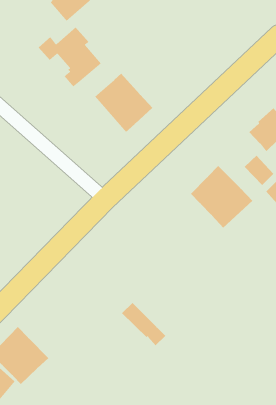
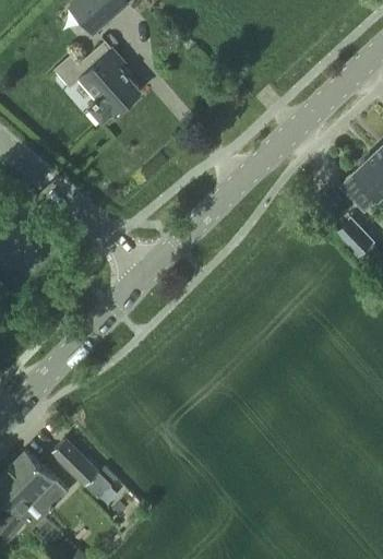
building: [94,73,153,133] -> none
building: [190,165,253,228] -> none
building: [121,302,166,346] -> [51,438,112,498]

